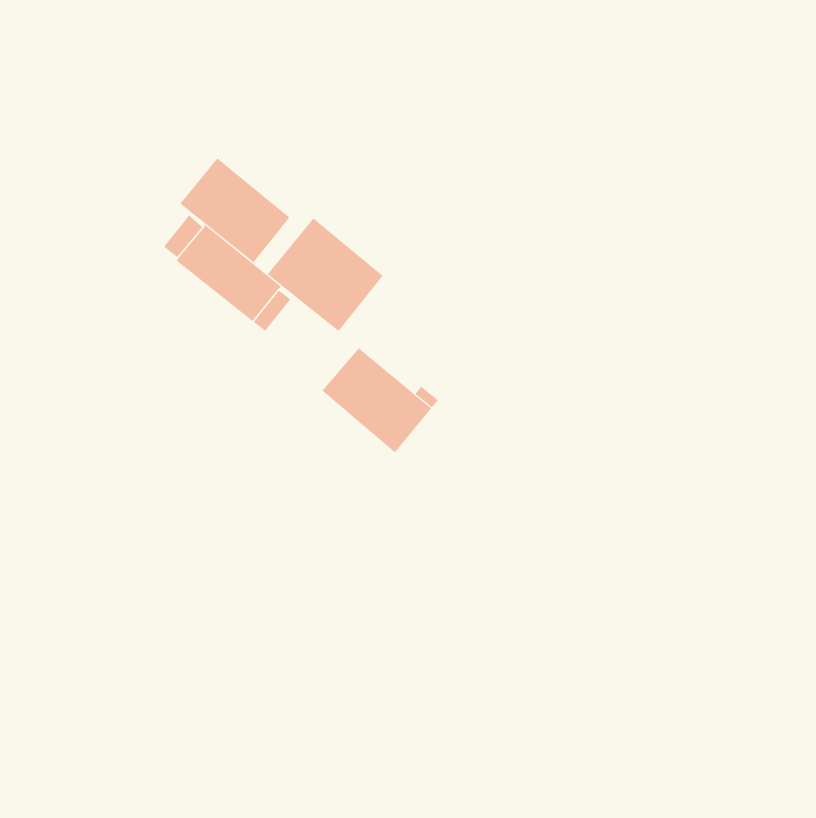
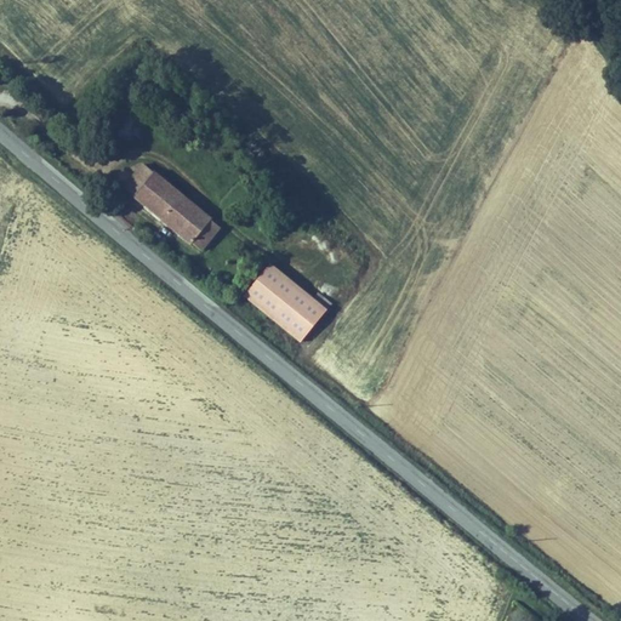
building: [179,157,290,263] -> none
building: [267,218,383,332] -> none

